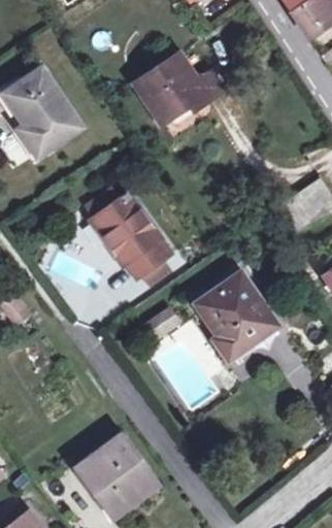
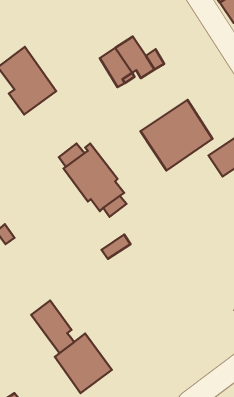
building: none -> [141,100,213,171]
building: [192,271,275,358] -> none
building: none -> [31,300,74,353]

